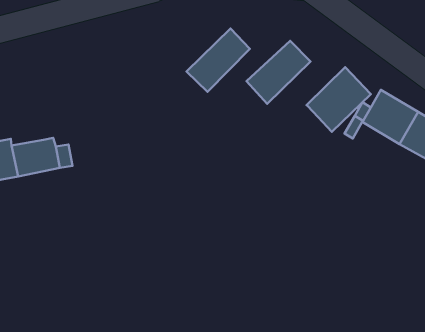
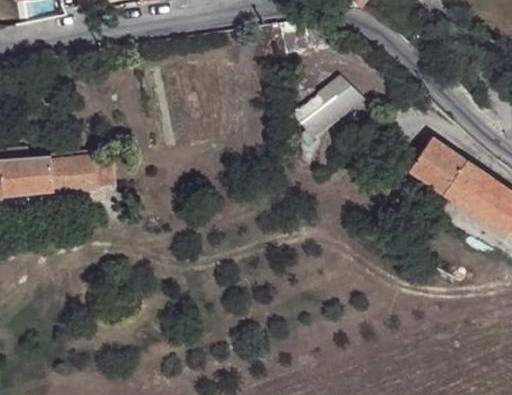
building: [186,29,250,92] -> none
building: [306,67,371,132] -> none

